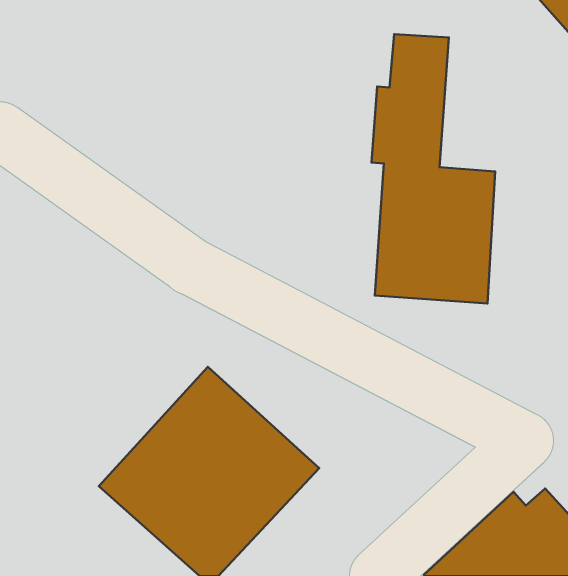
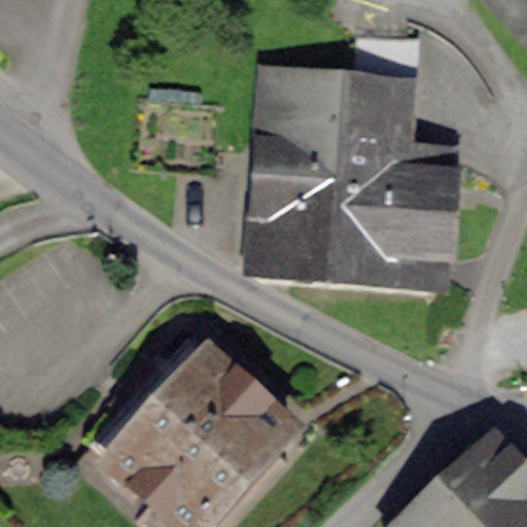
building: none -> [262,71,359,268]

